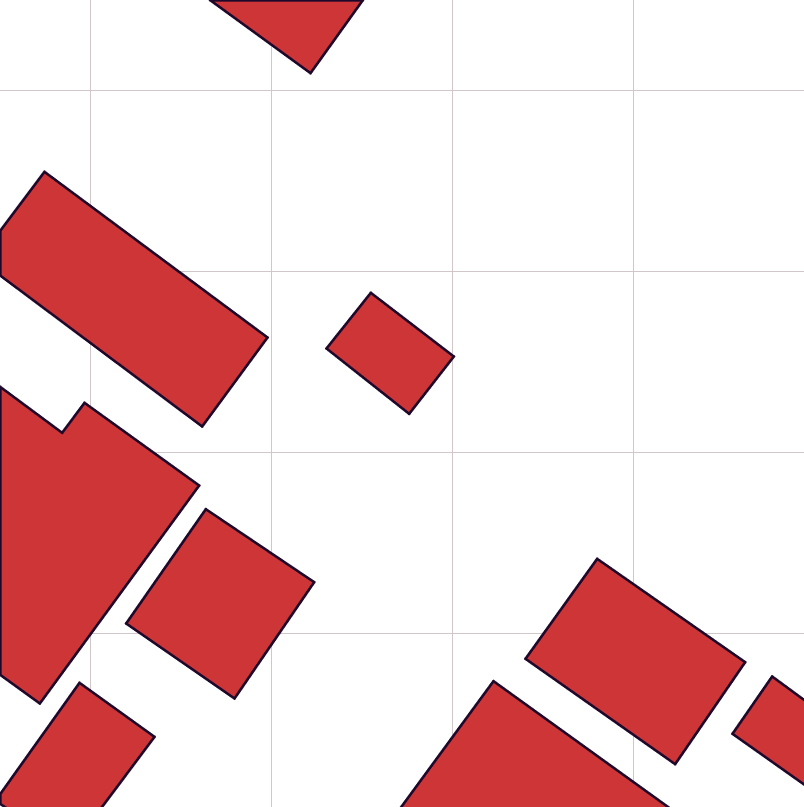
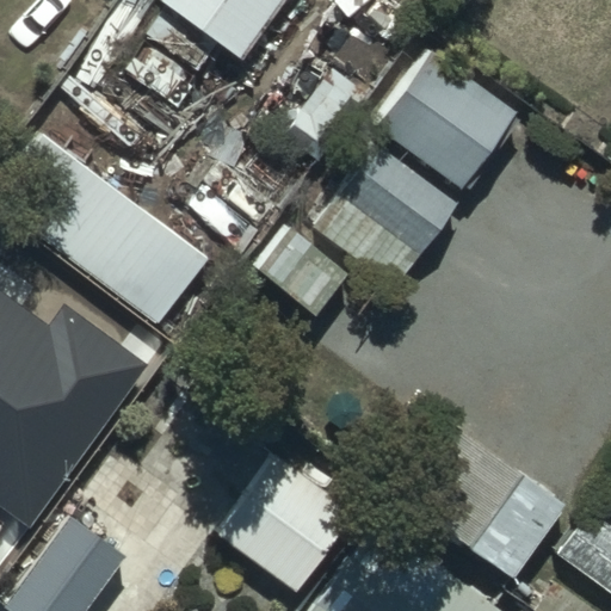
building: none -> [375,47,523,191]
building: none -> [311,141,459,289]
building: [126,509,314,698] -> [215,449,356,591]

